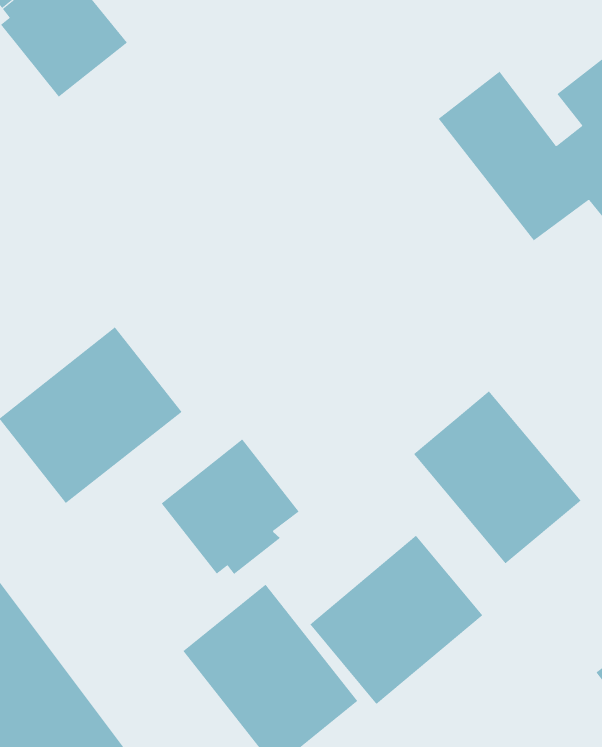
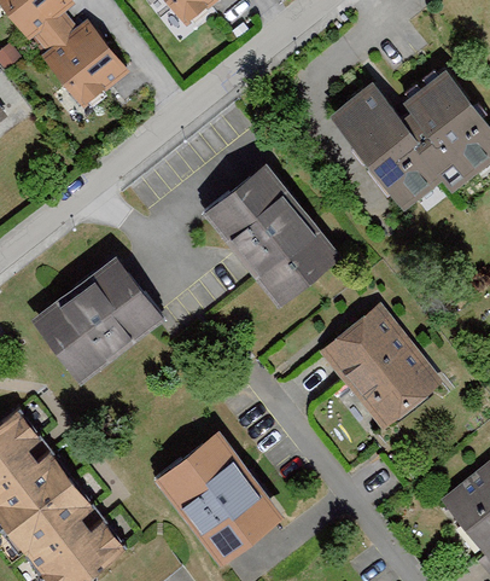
building: none -> [209,167,339,302]
building: [161,439,299,575] -> none
building: [309,535,483,705] -> none

